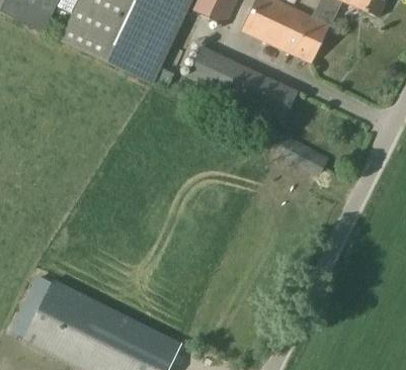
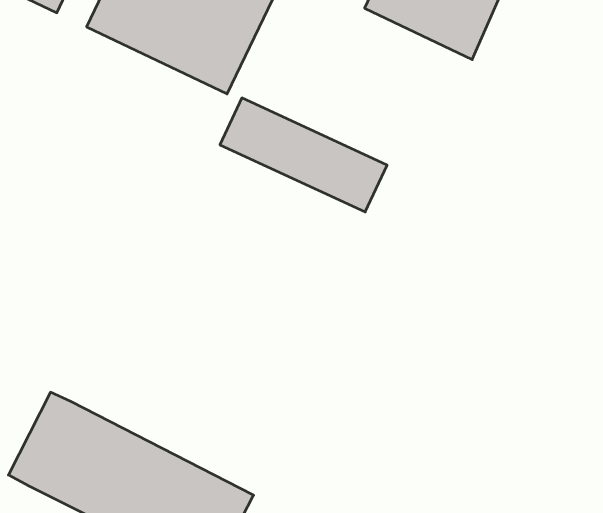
building: [189,47,298,120] -> [220,98,387,212]
building: [276,132,329,174] -> none

